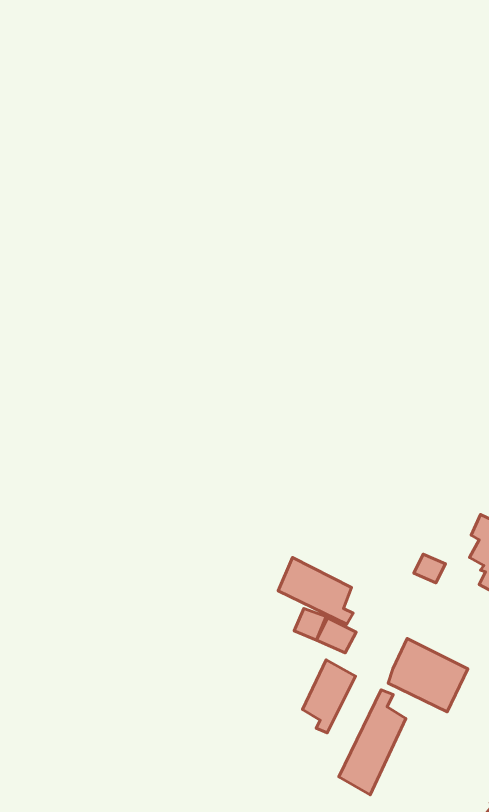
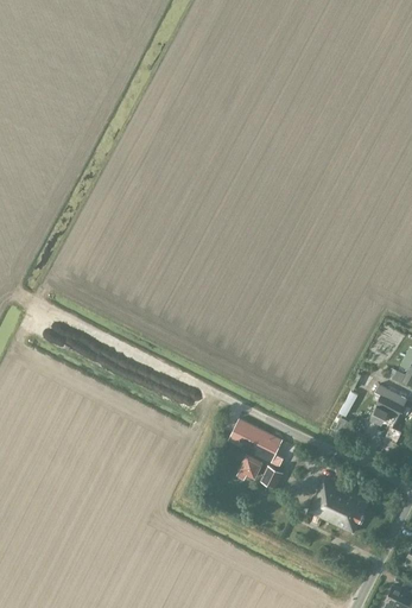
building: [303,660,355,733] -> none
building: [339,690,406,795] -> none

